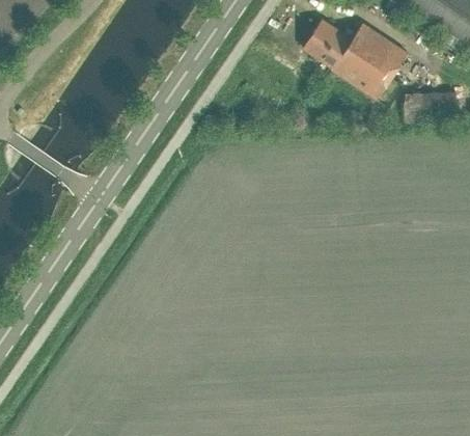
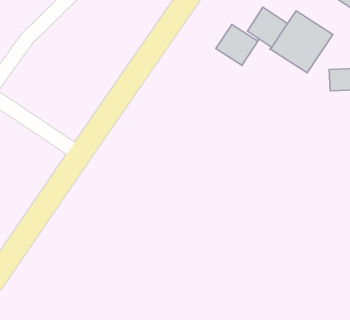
building: none -> [216,25,259,66]

